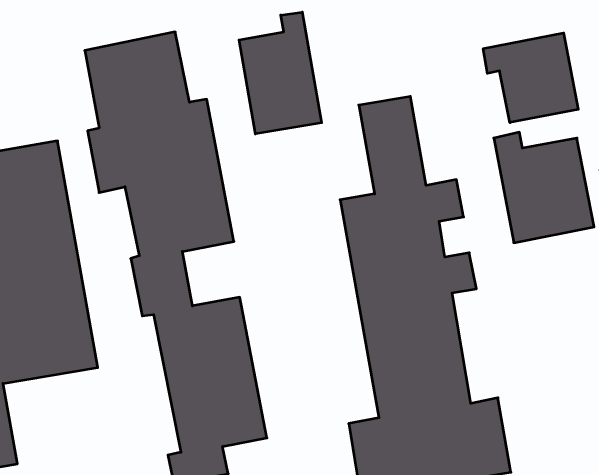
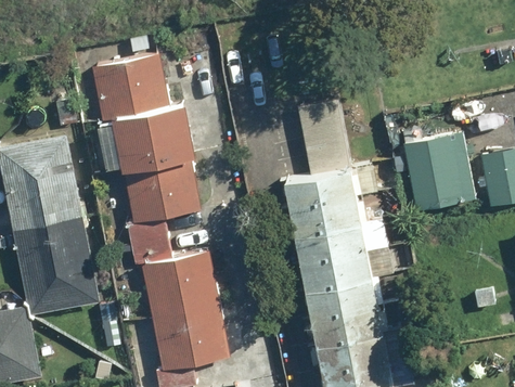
building: [239,12,322,134] -> none
building: [483,33,578,123] -> none

